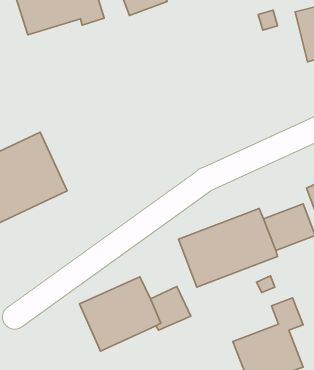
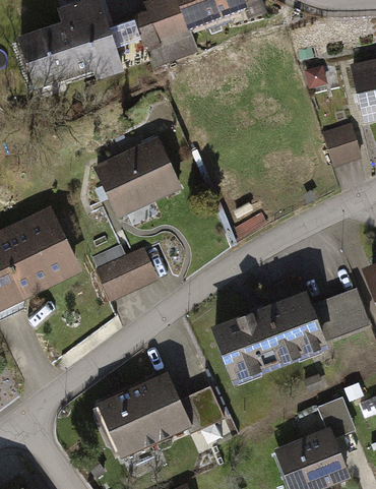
building: none -> [321,121,361,164]
building: none -> [92,134,184,220]
building: none -> [89,242,158,301]

